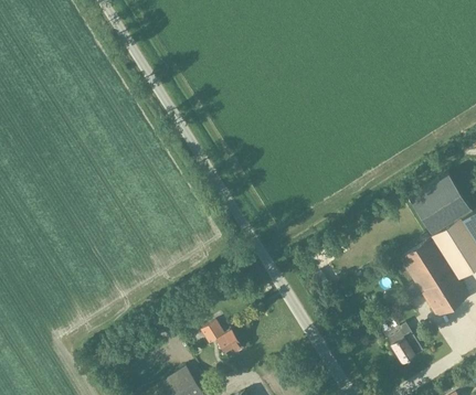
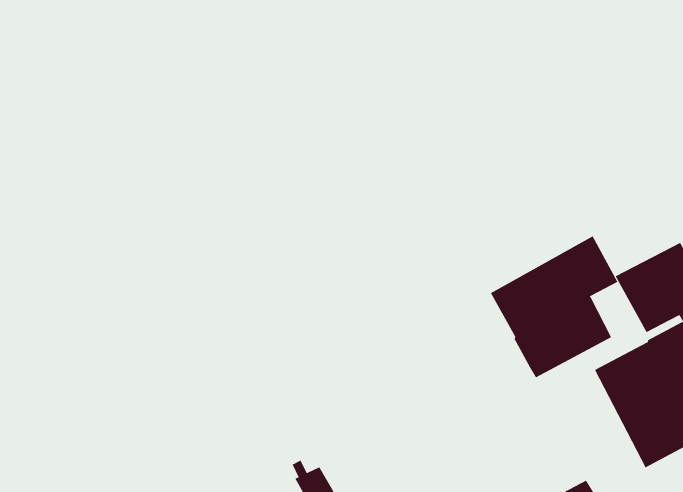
building: none -> [490,236,618,378]

